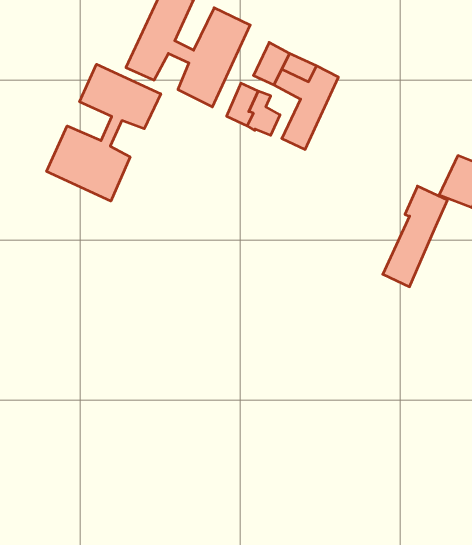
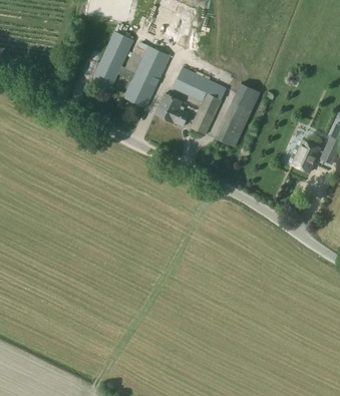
building: [47,64,161,201] -> none
building: [383,186,447,287] -> [218,82,259,146]

